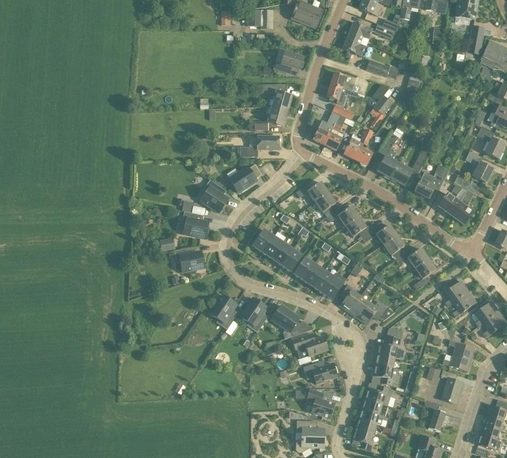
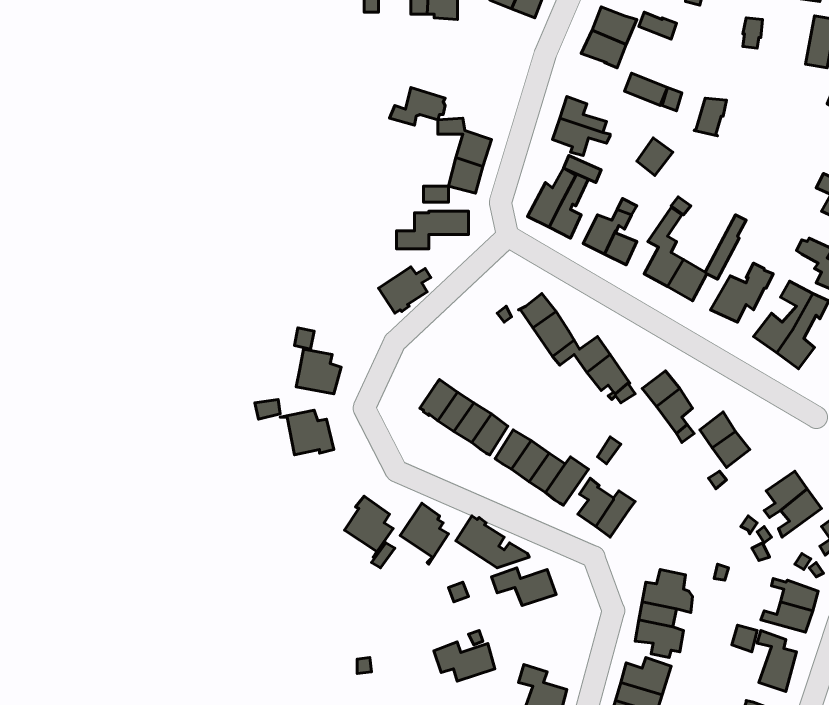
building: [273,51,304,72] -> [389,88,445,125]
building: [200,179,227,212] -> none
building: [358,300,394,323] -> none
building: [303,361,337,383] -> [434,642,495,681]

